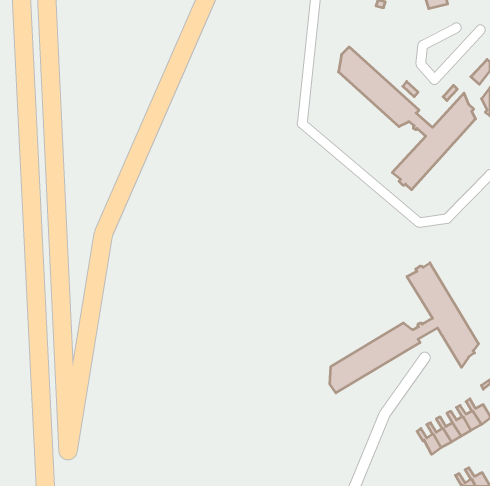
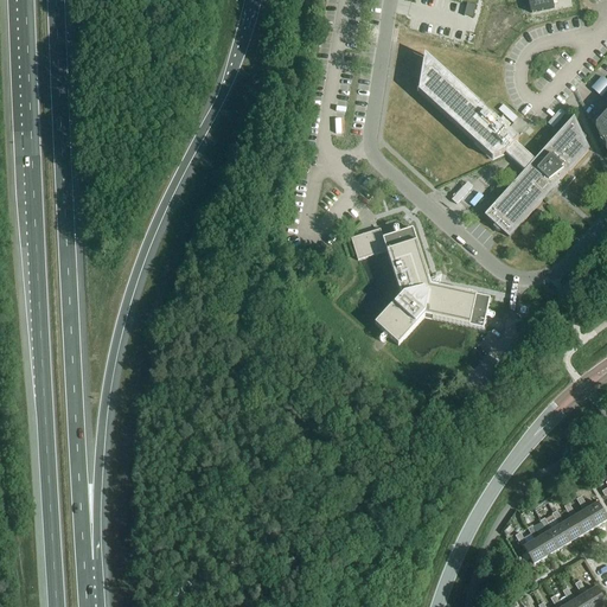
building: none -> [351,225,490,343]
building: [330,263,479,393] -> none

